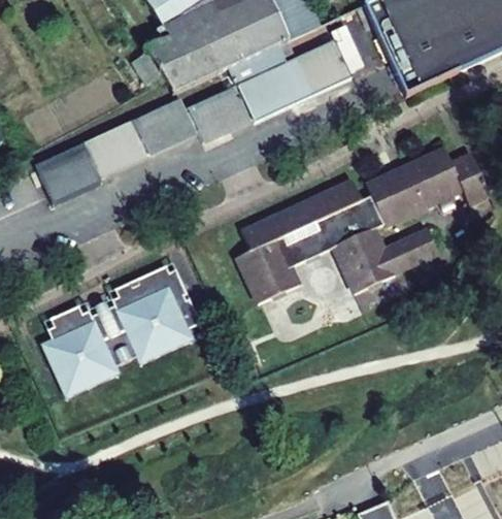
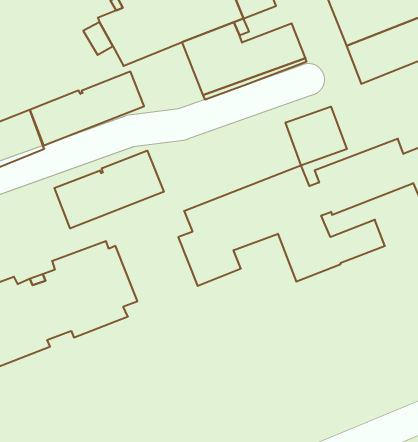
building: [187,87,248,139] -> none
building: none -> [286,107,347,166]
building: none -> [54,151,164,228]

